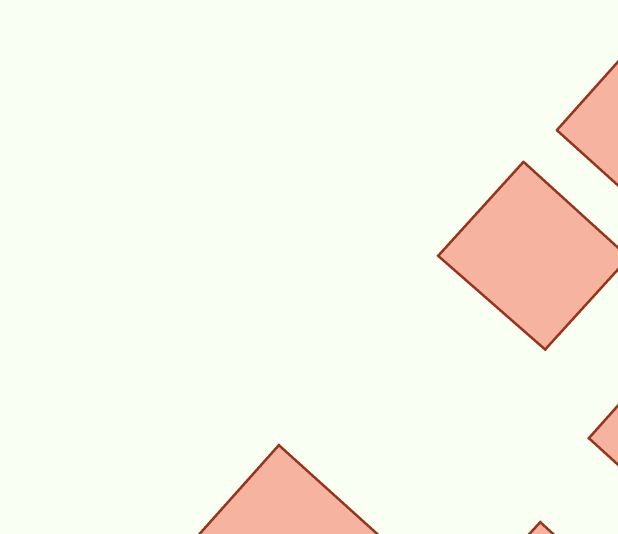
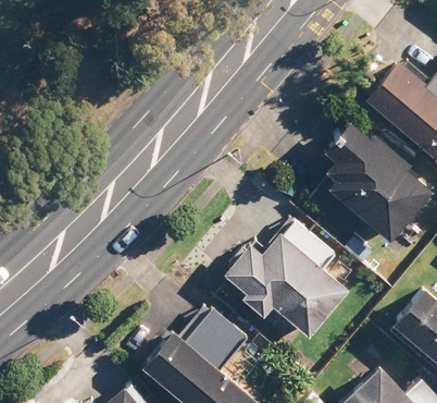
building: none -> [233,208,357,330]

